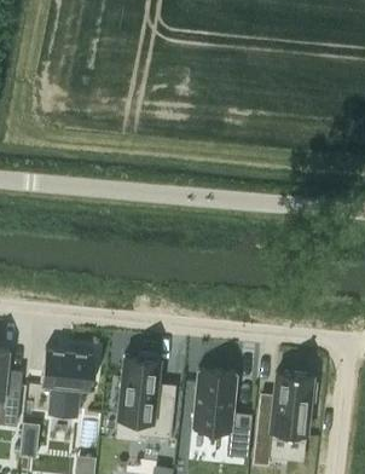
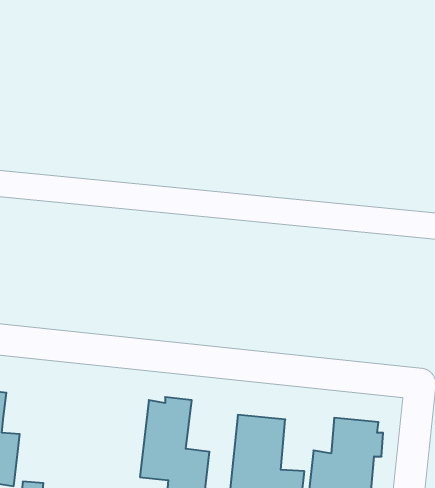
building: [42,348,94,417] -> none

